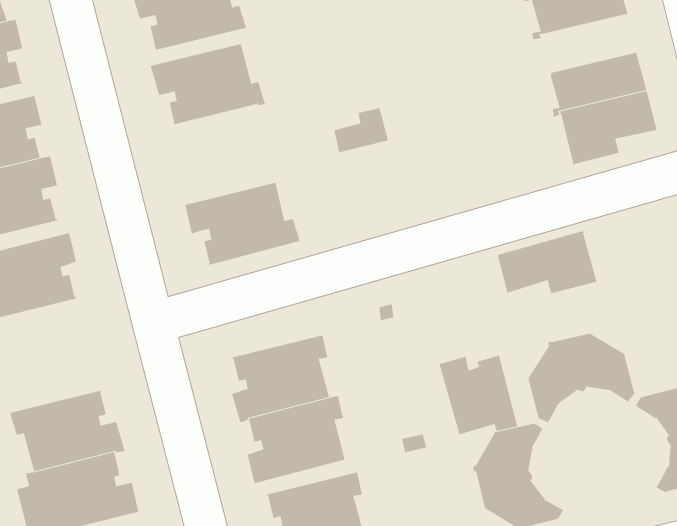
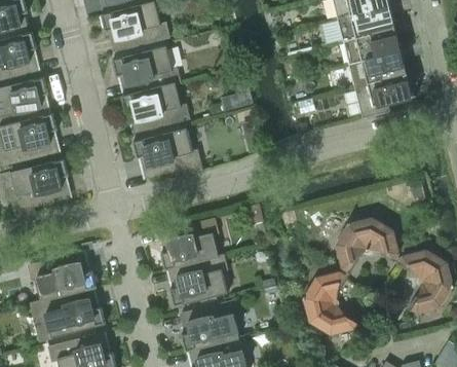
building: none -> [342,29,399,68]
building: none -> [120,82,188,132]
building: [497,230,597,294] -> none
building: [439,354,518,435] -> none

